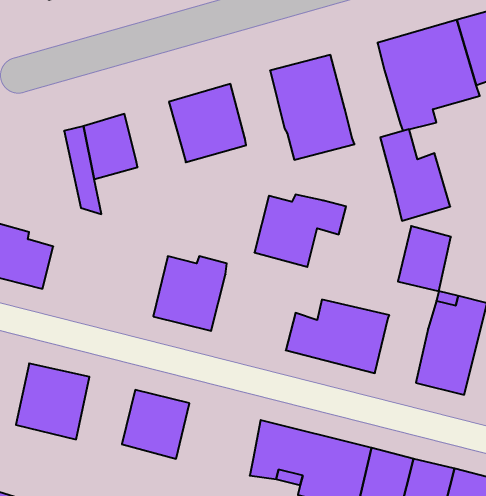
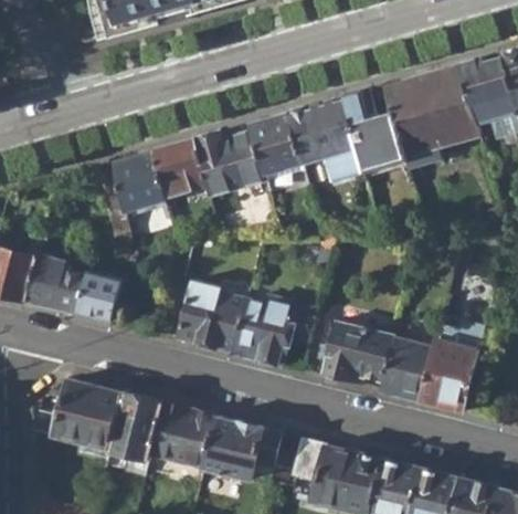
building: none -> [250,112,299,174]
building: none -> [152,140,205,196]
building: [380,129,450,221] -> [341,90,405,174]
building: [254,195,346,267] -> [232,297,316,364]
building: [398,226,451,291] -> [382,338,431,398]
building: none -> [77,271,121,321]
building: none -> [108,392,162,460]
building: none -> [200,417,277,480]

